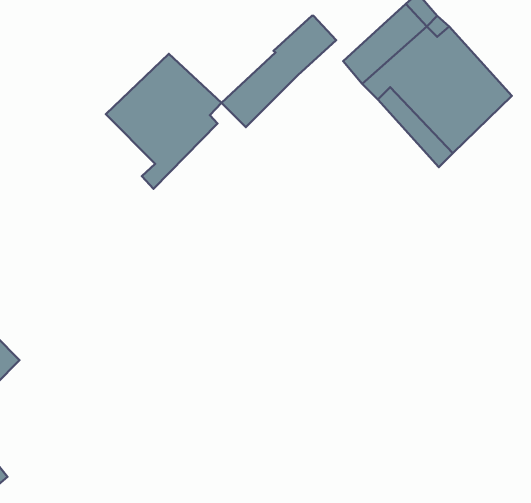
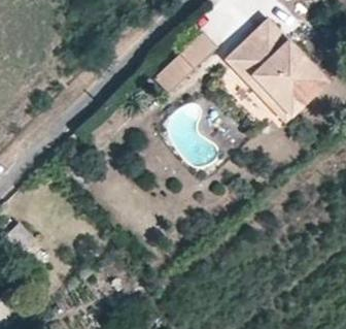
building: [106,54,221,189] -> none

